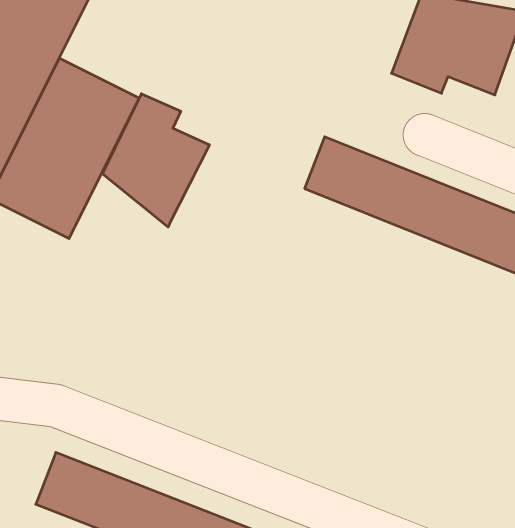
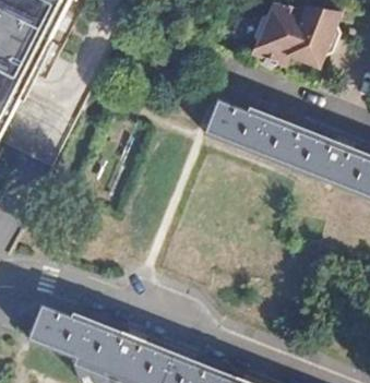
building: [102,94,209,227] -> none

